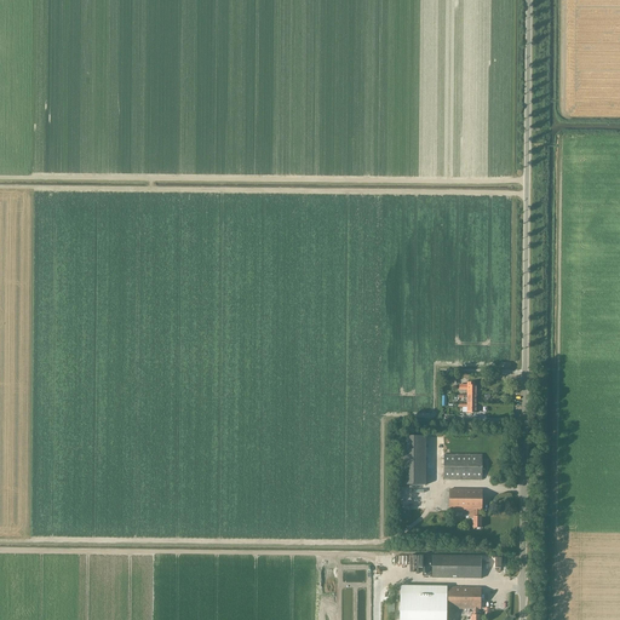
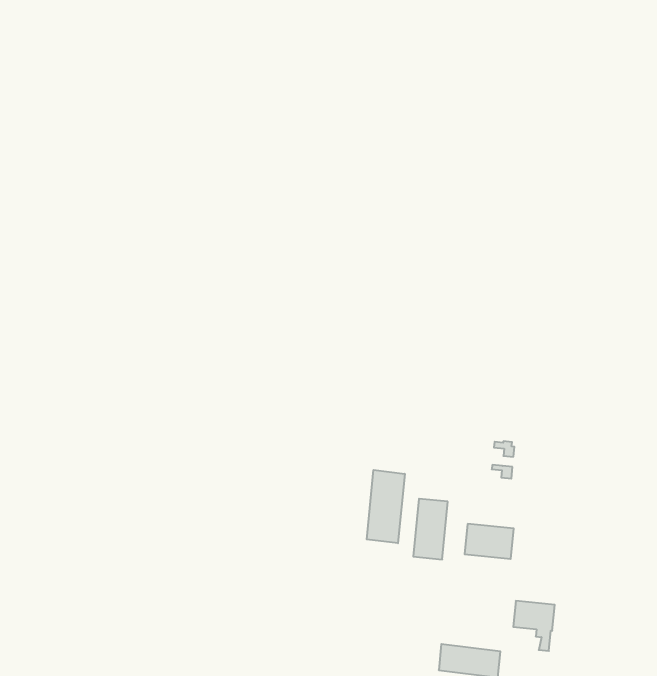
building: none -> [367,470,405,543]
building: [450,488,483,527] -> [513,601,555,651]

